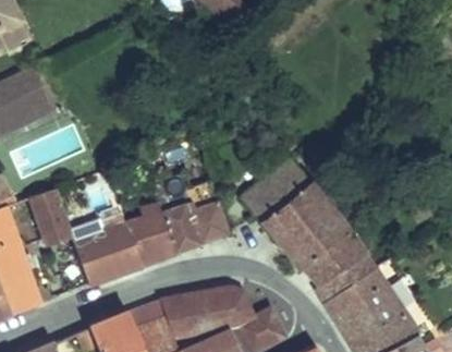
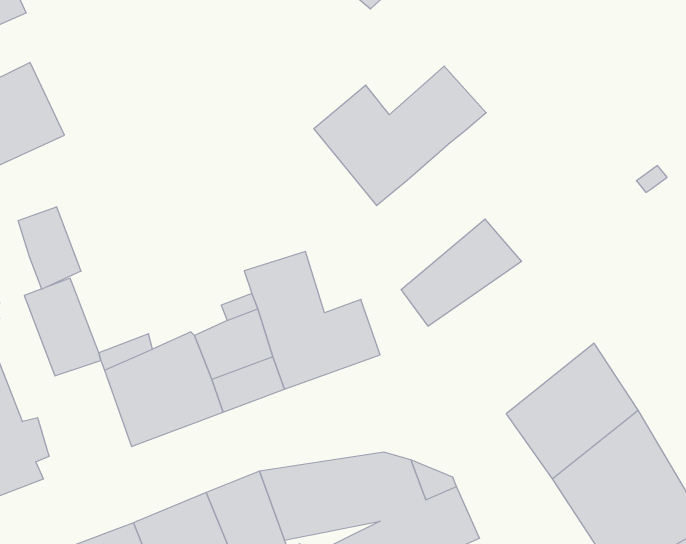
building: none -> [314,66,486,206]
building: none -> [18,207,81,289]
building: [258,180,353,270] -> none

